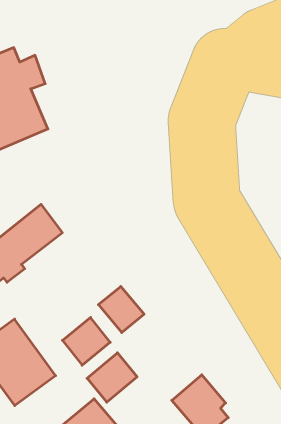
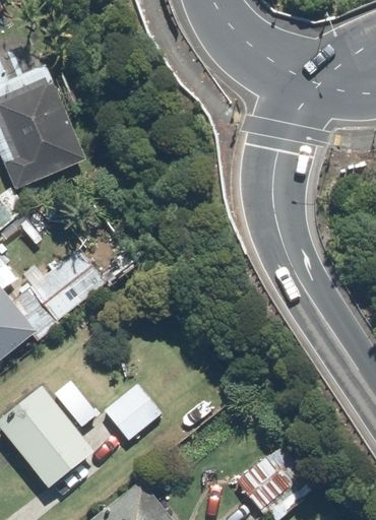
building: [98,286,144,333] -> none
building: [87,353,137,402] -> none

